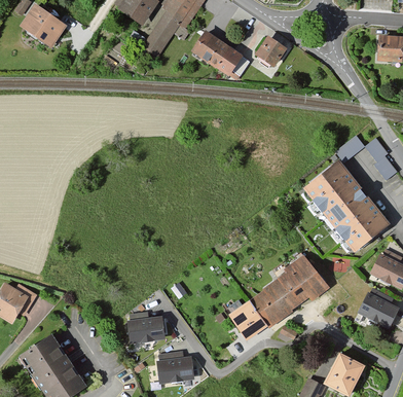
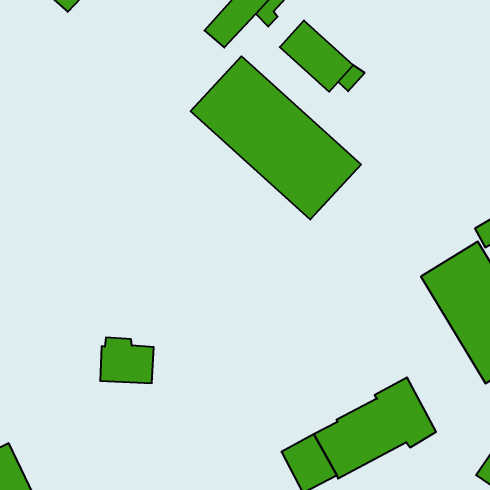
building: [256,37,286,67] -> none
building: none -> [191,56,361,220]
building: [129,313,164,342] -> [100,337,154,383]

